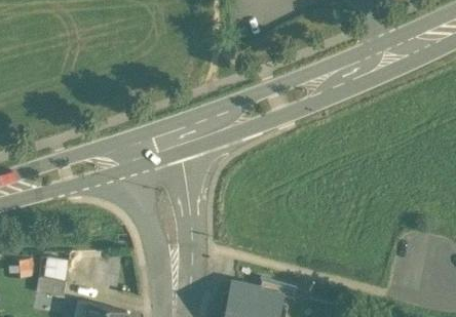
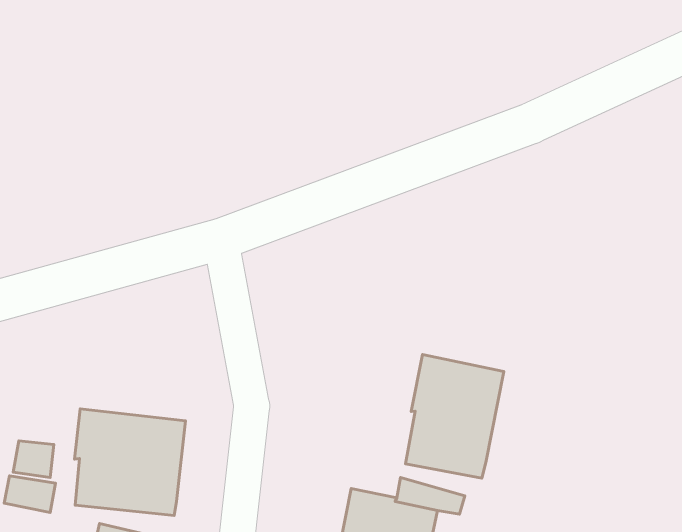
building: none -> [405,355,504,478]
building: none -> [75,409,185,515]

